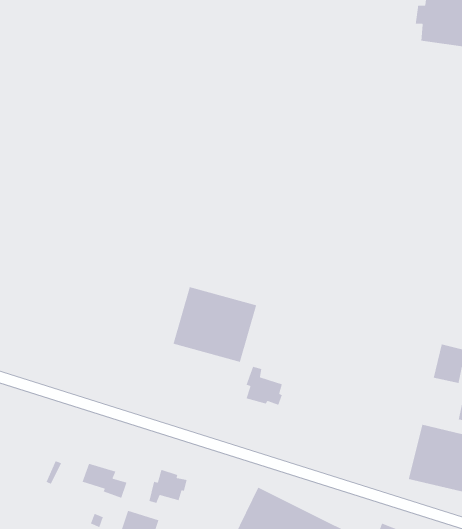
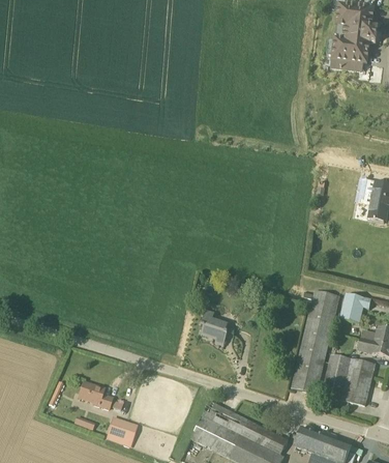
building: [173,286,257,363] -> none
building: none -> [292,290,338,394]
building: [149,469,187,504] -> none

